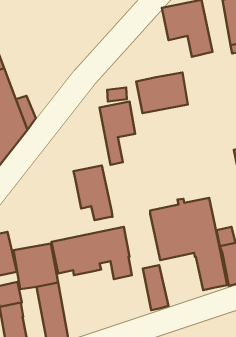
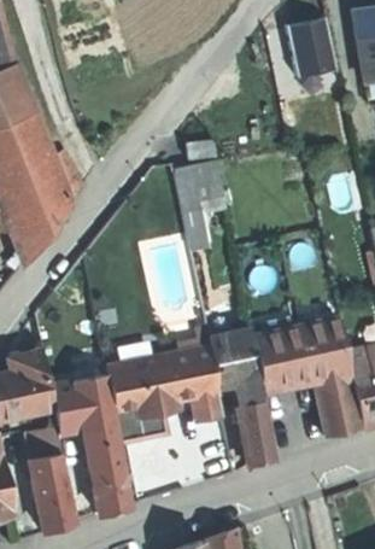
building: [136,73,188,113] -> none
building: [74,165,113,220] -> [209,326,265,405]
building: none -> [116,408,168,443]

